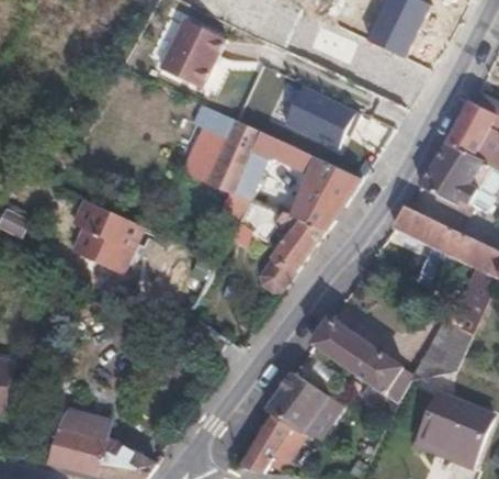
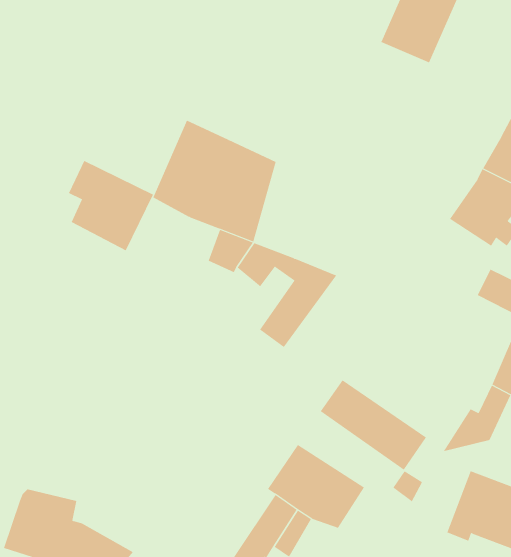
building: [157,15,226,87] -> none
building: [284,85,359,148] -> none
building: [276,142,361,232] -> none
building: [72,199,144,275] -> [68,160,154,251]
building: [393,204,452,248] -> none

